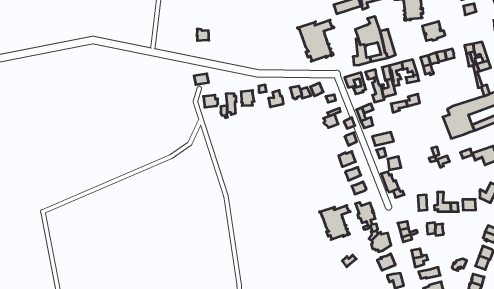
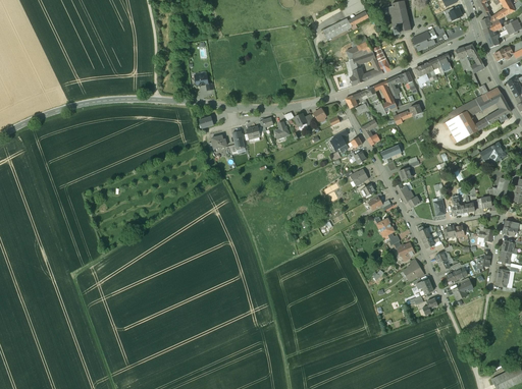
building: [297,20,334,61] -> none
building: [319,205,350,240] -> none

